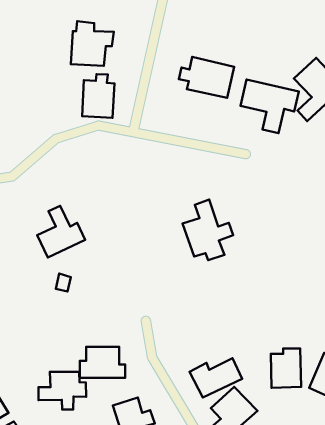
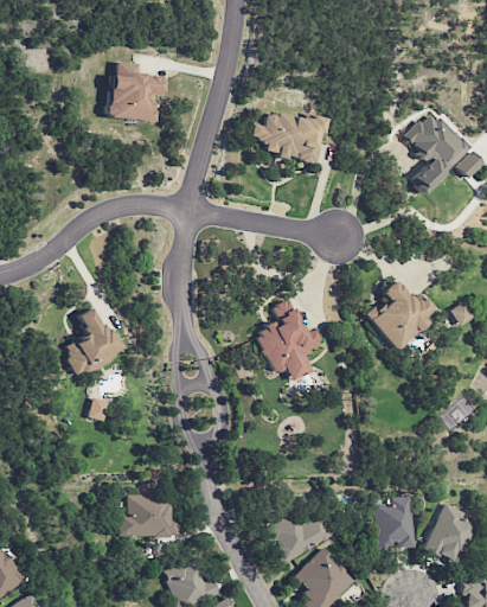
building: [82,74,115,118] -> none
building: [240,80,299,133] -> none
building: none -> [366,279,437,350]
building: [38,372,86,409] -> none

